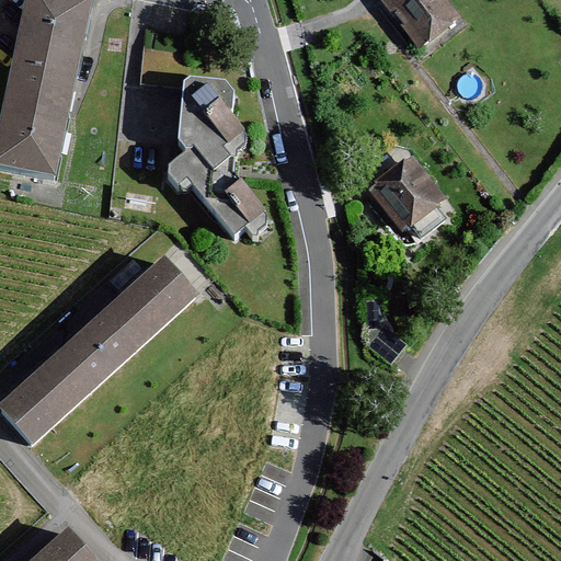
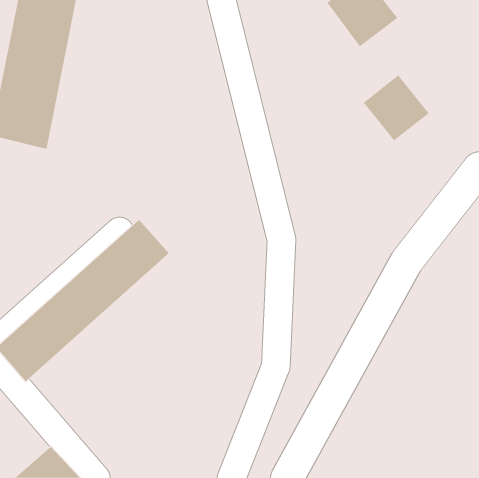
building: [168,85,270,249] -> none
building: [371,160,449,238] -> [363,74,430,141]

